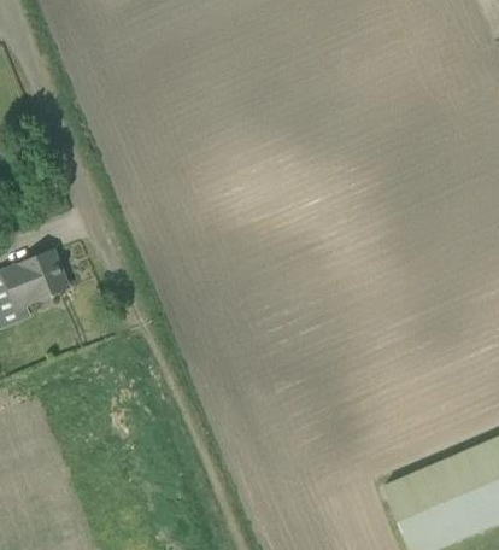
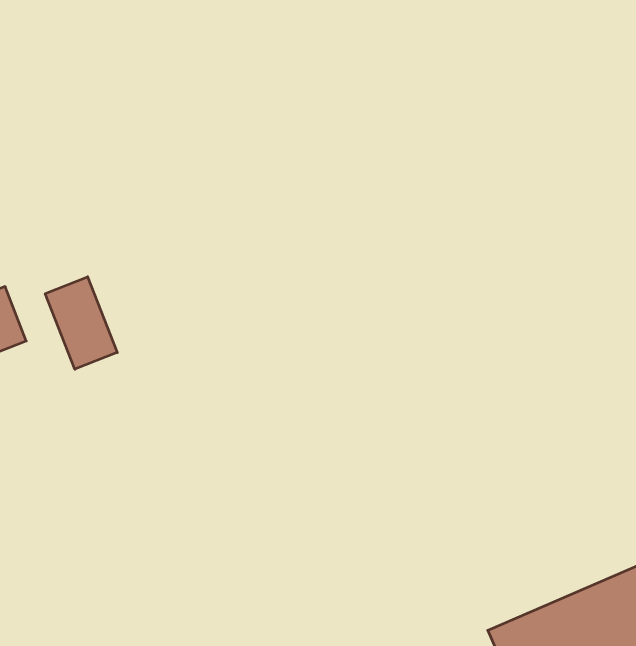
building: none -> [45,277,117,369]

